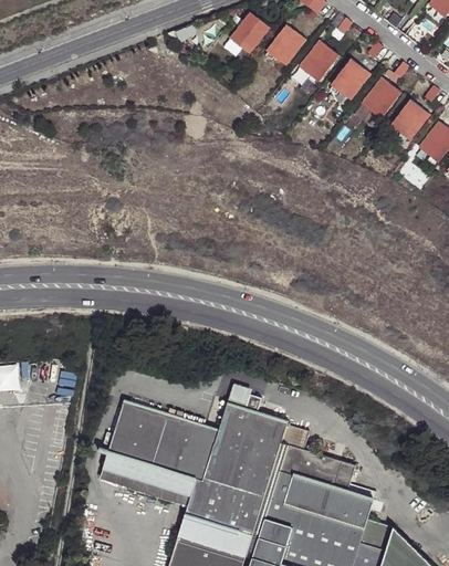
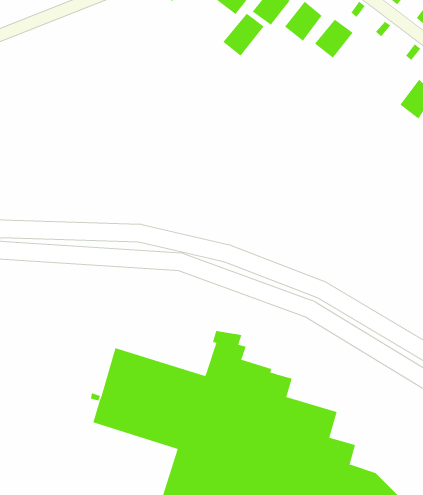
building: none -> [223,13,265,57]
building: [362,77,401,118] -> none
building: [389,98,430,140] -> none

